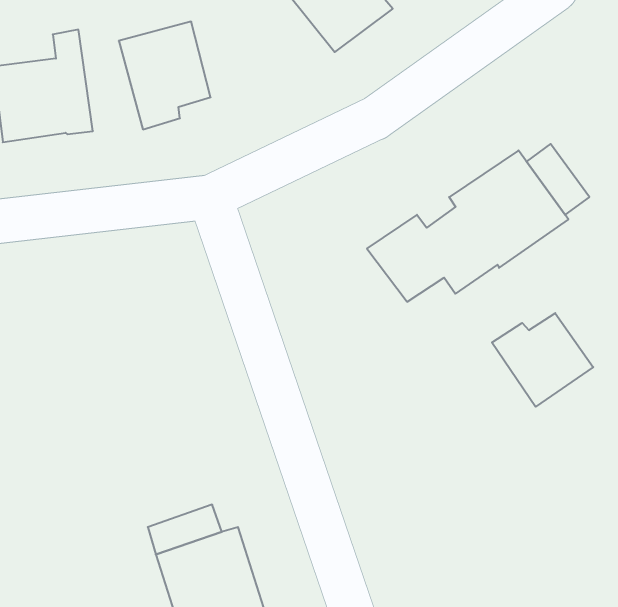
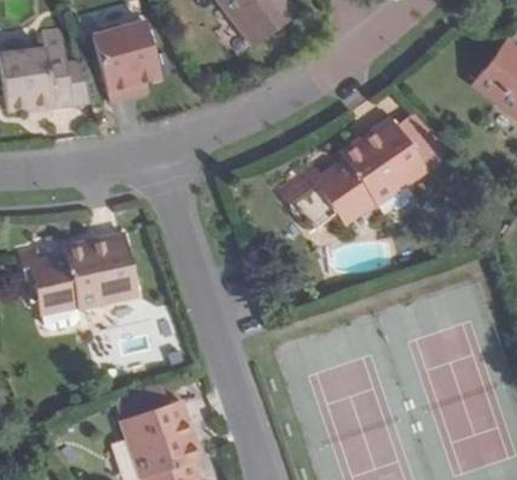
building: none -> [18,233,138,313]
building: [492,313,593,407] -> none

